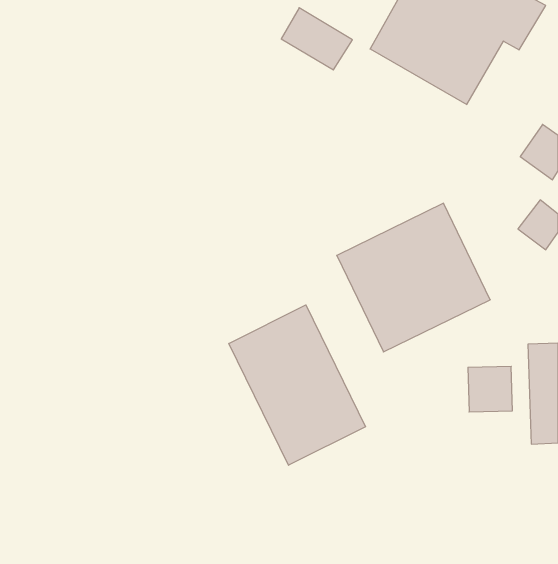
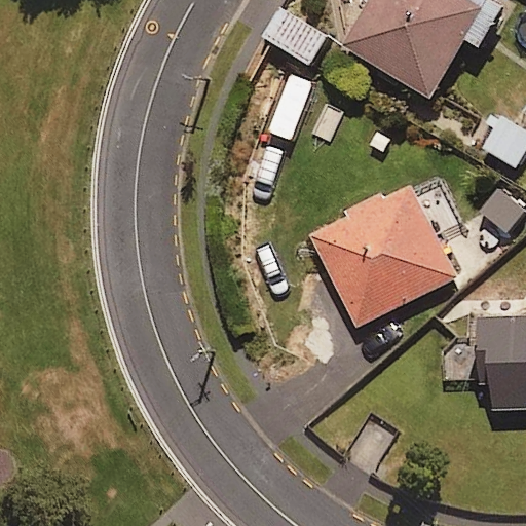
building: [229,305,366,465] -> none

